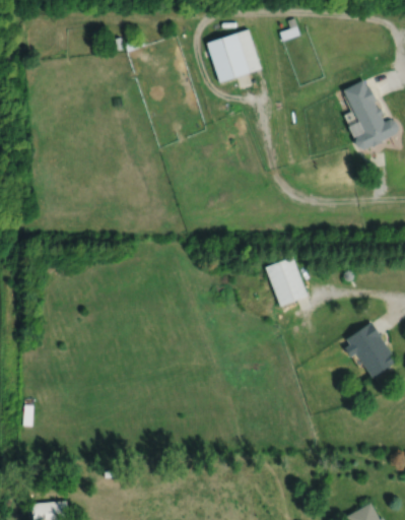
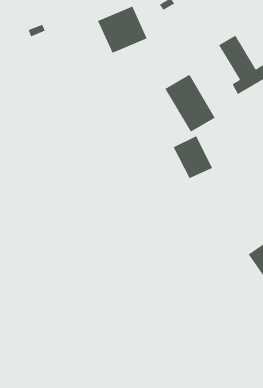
building: none -> [165,74,216,133]
building: [264,256,308,306] -> [173,135,213,179]

